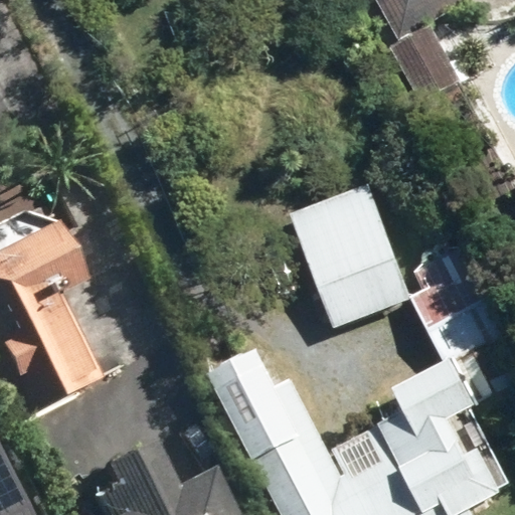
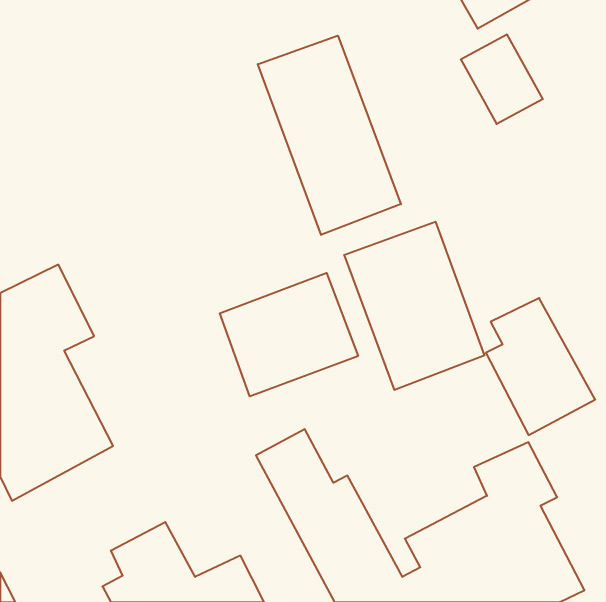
building: none -> [258,36,401,235]
building: none -> [220,273,358,396]

